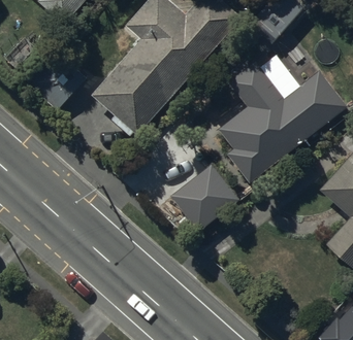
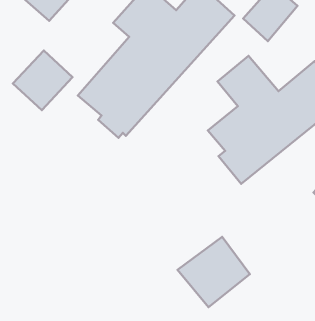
building: [169,164,239,232] -> [177,237,250,307]

